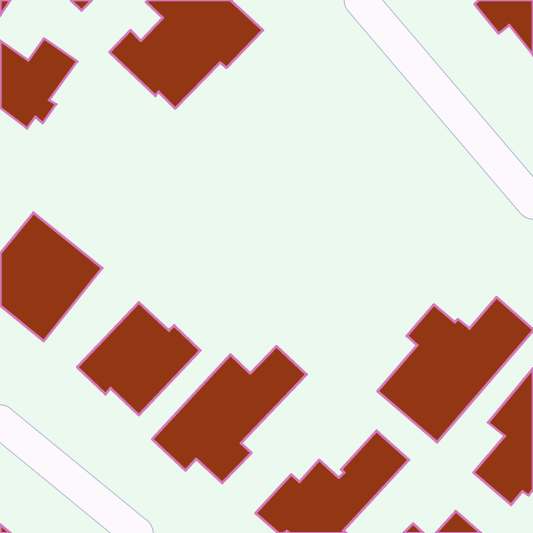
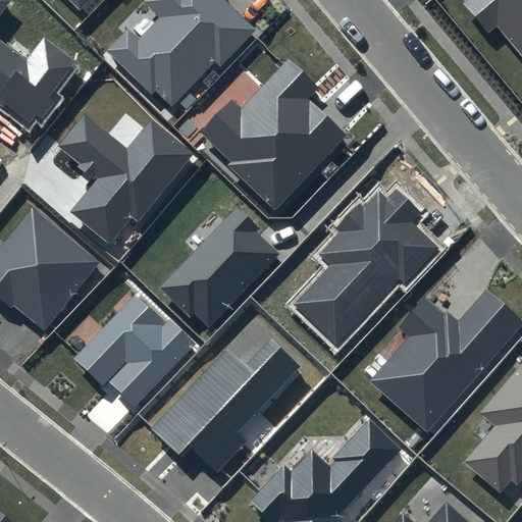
building: none -> [201,59,348,210]
building: none -> [59,115,195,244]
building: none -> [293,191,439,346]
building: none -> [158,206,278,327]

